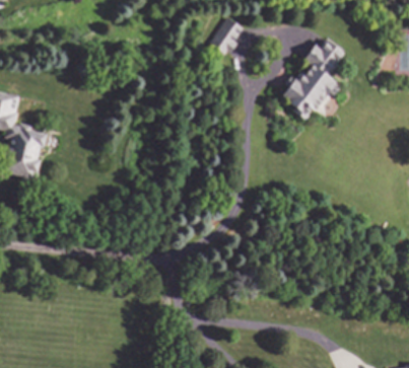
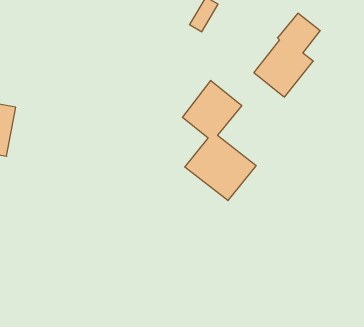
building: none -> [182,80,256,201]

